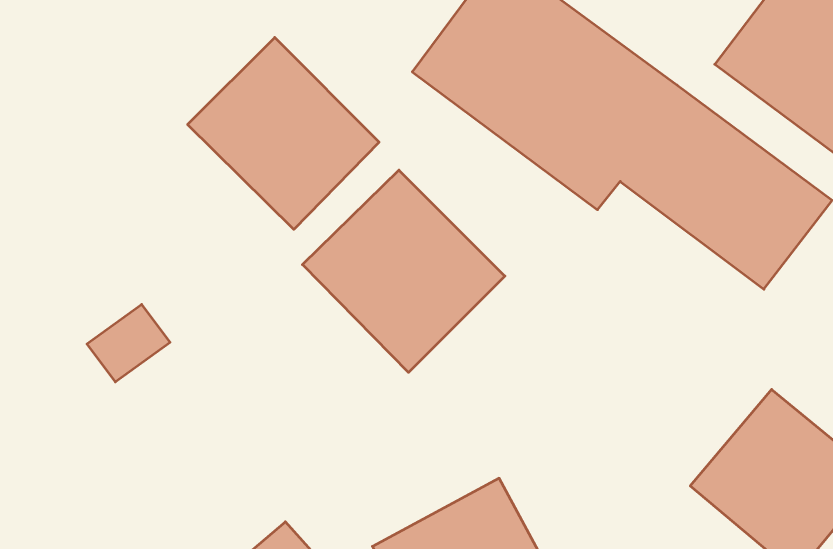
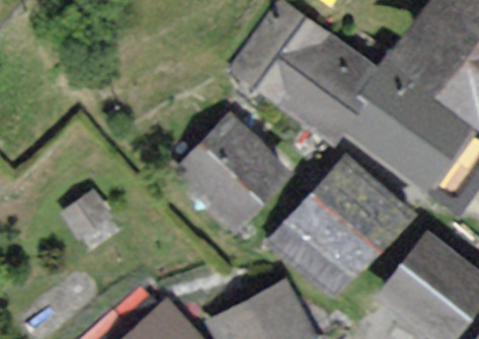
building: [188,37,379,229] -> none
building: none -> [281,163,404,288]

